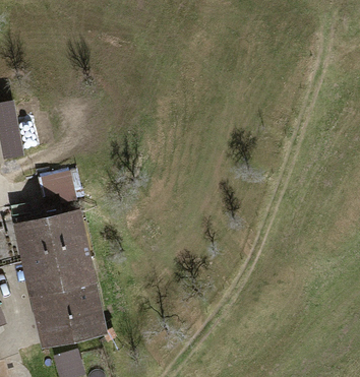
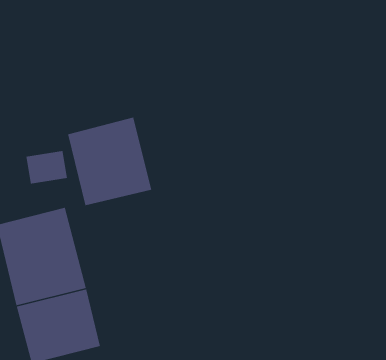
building: none -> [67,117,152,206]

